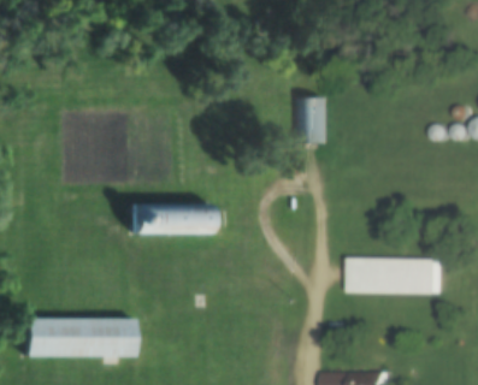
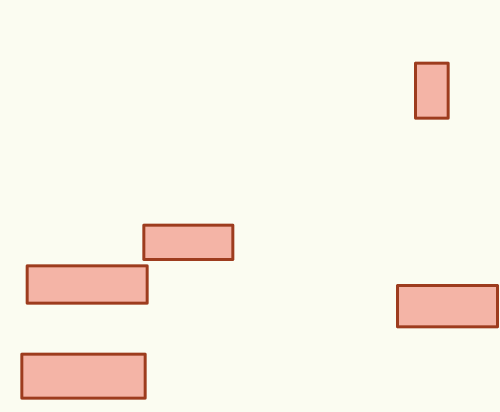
building: [295,96,324,144] -> [415,63,448,118]
building: none -> [27,266,147,303]

